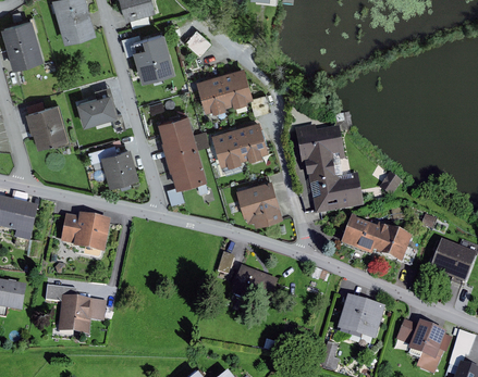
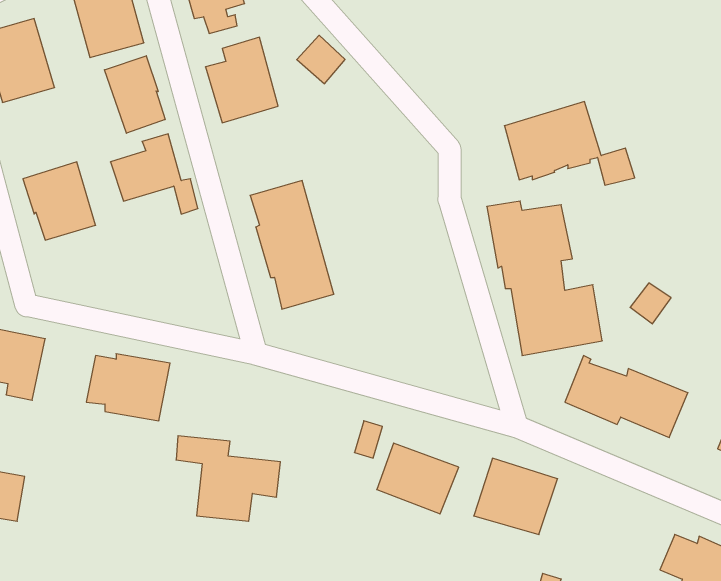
building: none -> [104,56,165,133]
building: [196,66,272,115] -> [504,102,635,185]
building: [211,120,268,166] -> none
building: [88,143,137,186] -> none
building: [236,179,282,225] -> none
building: [46,286,107,336] -> [176,436,280,521]
building: [336,296,385,340] -> [474,458,558,535]

